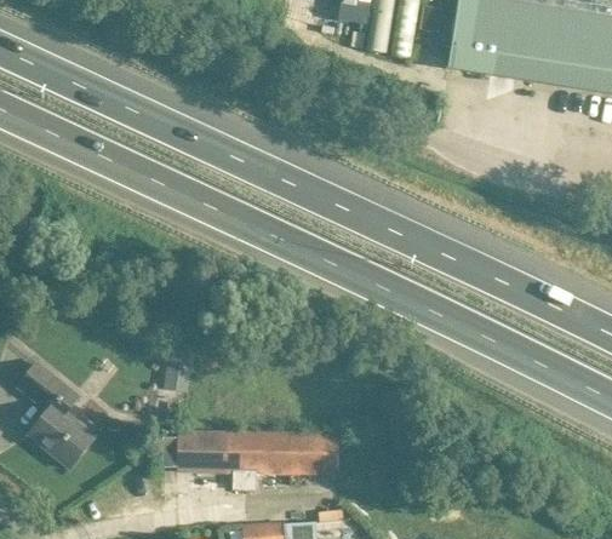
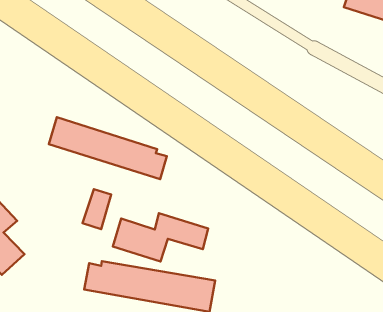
building: none -> [49,117,167,179]
building: none -> [113,213,208,261]

